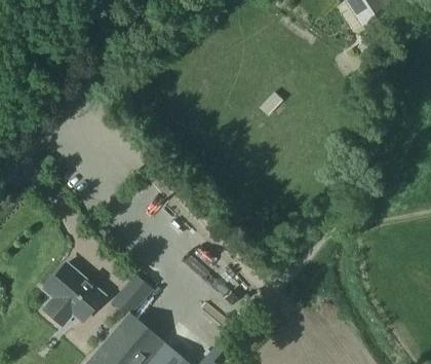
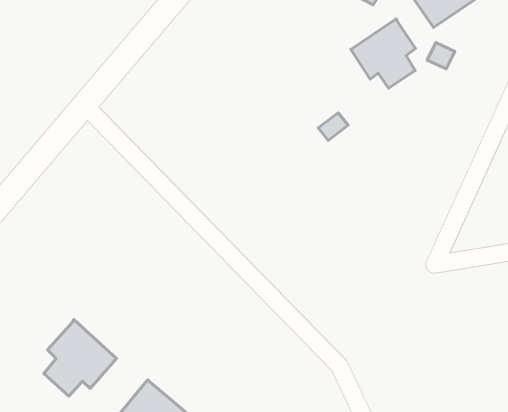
building: none -> [351,19,415,88]
building: [113,275,152,315] -> none

